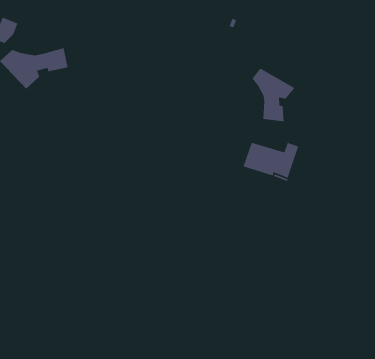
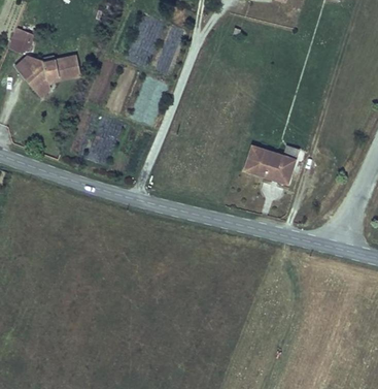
building: [252,68,295,122] -> none

